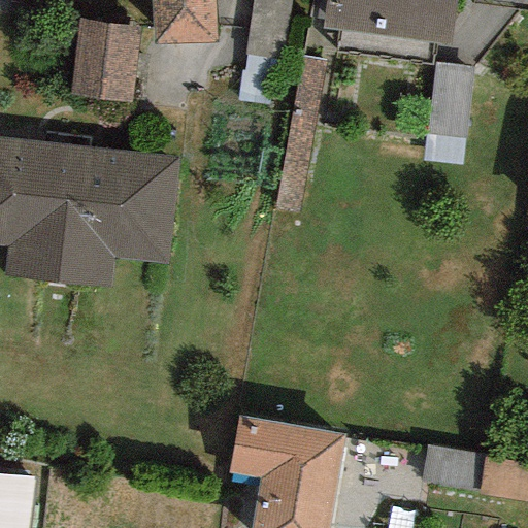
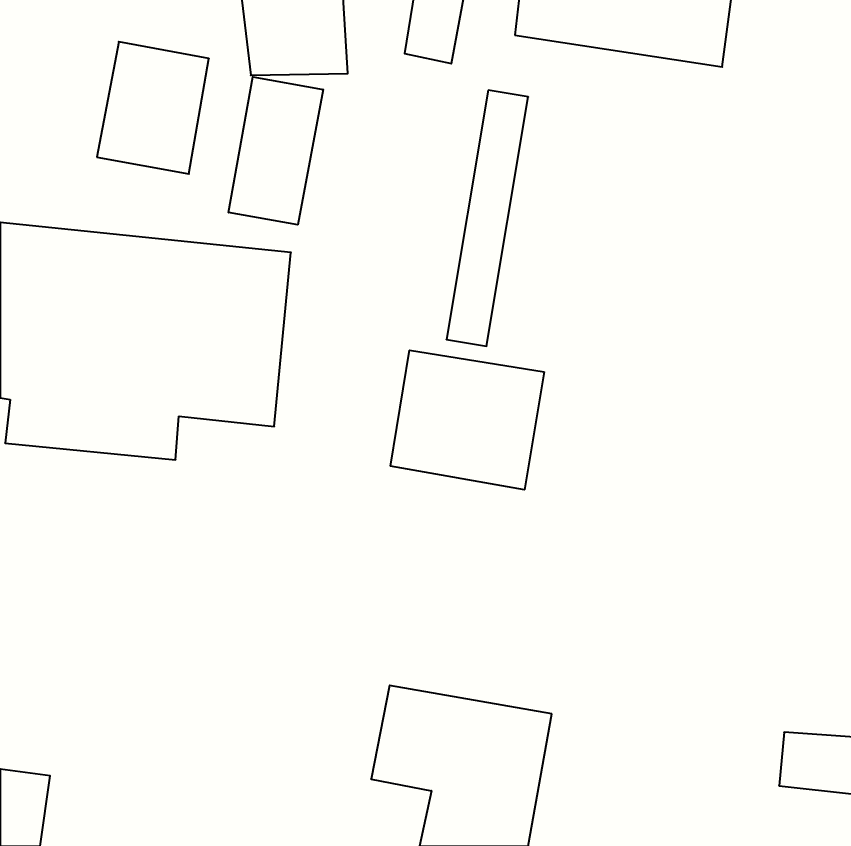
building: none -> [229,77,323,225]
building: [421,62,473,164] -> none
building: none -> [391,350,544,490]

